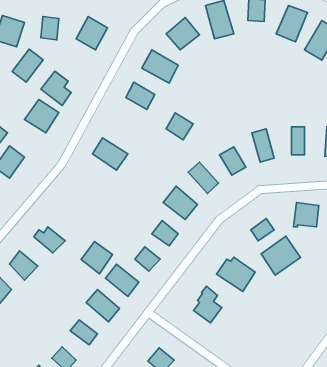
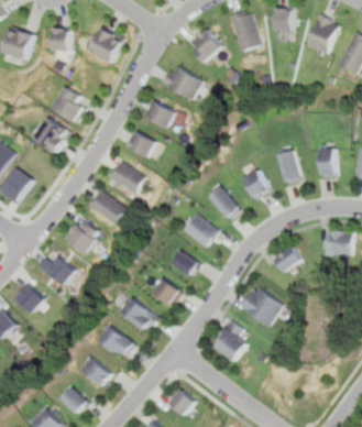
building: [12,49,43,82] -> none
building: [166,113,193,140] -> [124,130,154,160]
building: none -> [84,188,123,225]
building: [261,236,301,275] -> none
building: [81,241,113,274] -> [64,219,98,254]

